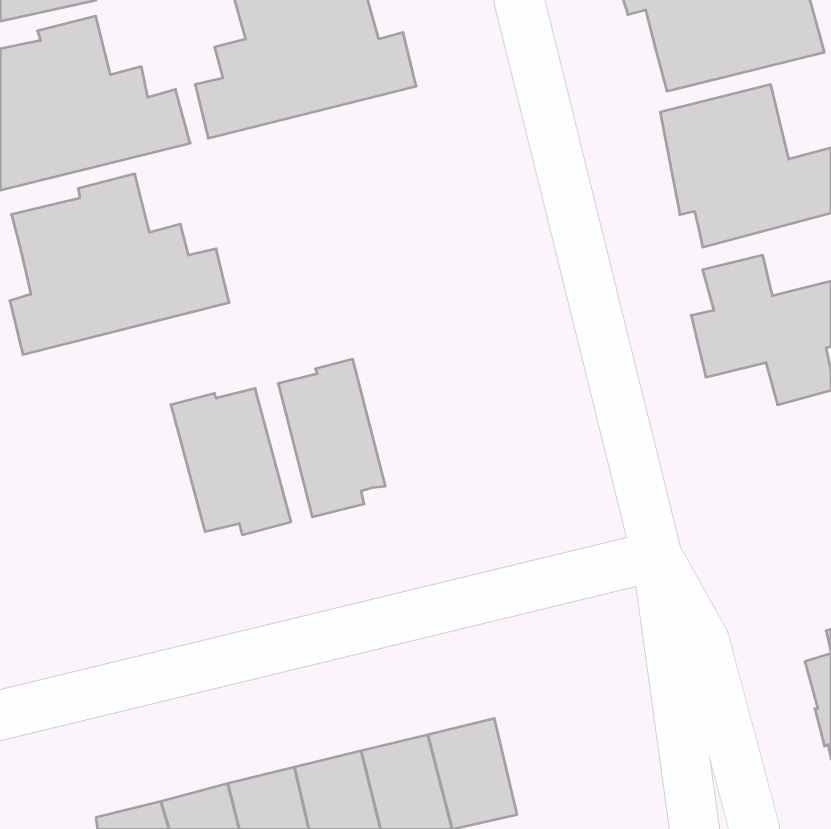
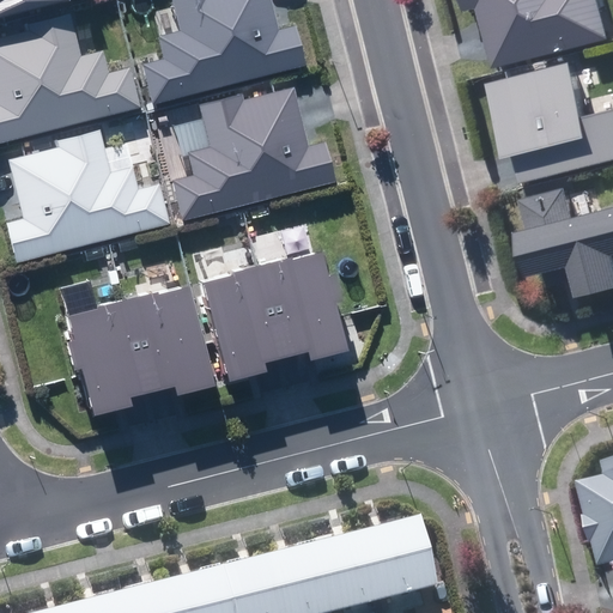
building: none -> [172,87,335,219]
building: none -> [260,253,348,359]
building: none -> [67,298,151,414]
building: none -> [364,517,430,600]

